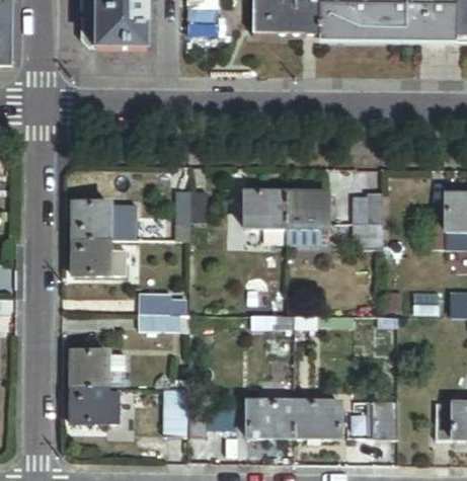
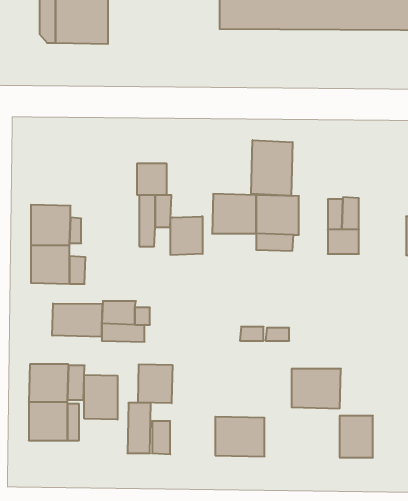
building: none -> [251,140,293,196]
building: none -> [137,163,166,195]
building: none -> [171,216,203,255]
building: none -> [52,303,102,337]
building: none -> [138,364,172,403]
building: none -> [84,375,117,420]
building: [295,401,341,438] -> [292,369,341,408]

